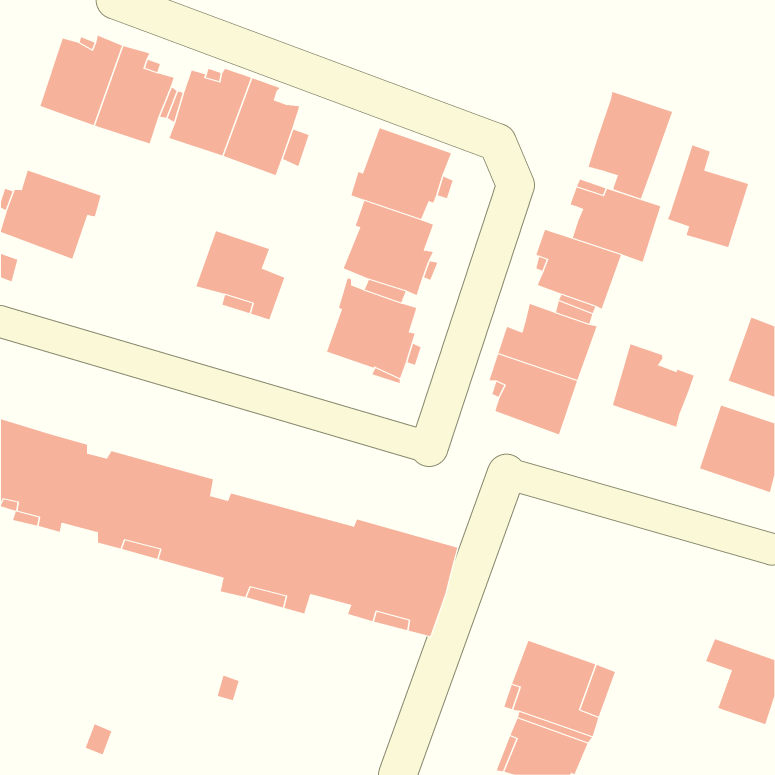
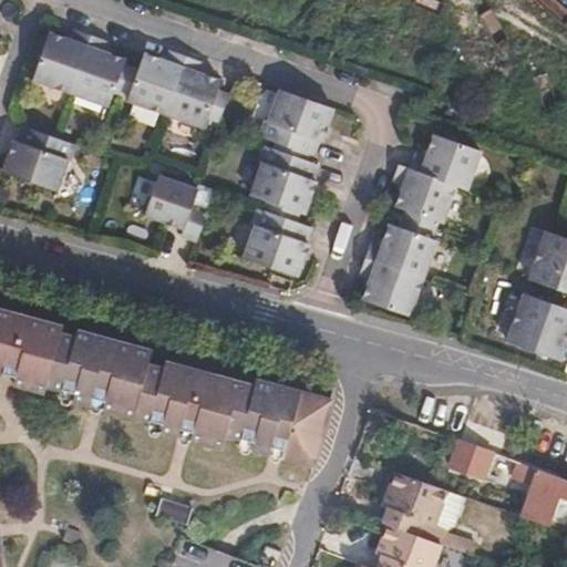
building: [588,91,673,200] -> none
building: [667,144,749,248] -> none
building: [612,344,694,427] -> none
building: none -> [451,444,495,484]

